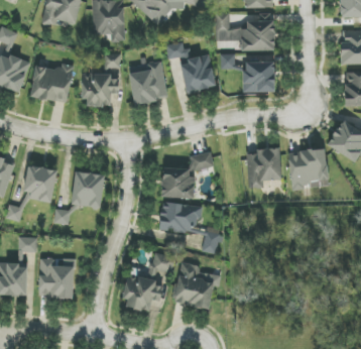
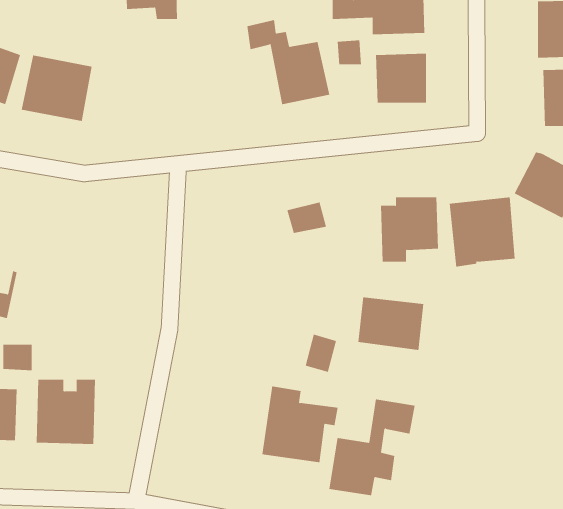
building: [83,53,120,106] -> none
building: [127,61,167,104] -> none
building: [23,164,57,203] -> none
building: [161,167,195,198] -> none
building: [53,171,104,224] -> none
building: [158,202,199,234] -> [357,297,424,351]
building: [123,252,175,311] -> [328,399,415,496]

